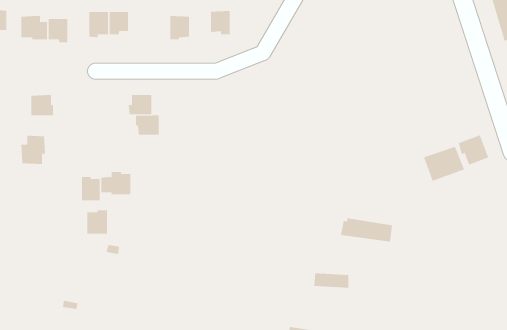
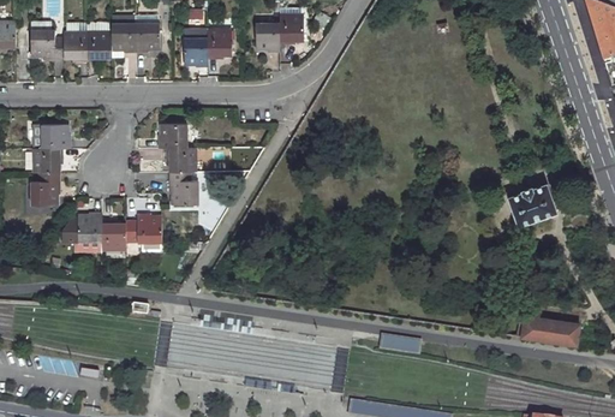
building: none -> [279,16,303,43]
building: none -> [86,32,111,61]
building: none -> [183,38,207,66]
building: none -> [34,148,62,172]
building: [458,135,489,165] -> none
building: none -> [169,171,197,204]
building: [87,210,108,234] -> [77,212,102,240]
building: [340,218,393,242] -> [515,316,578,345]

